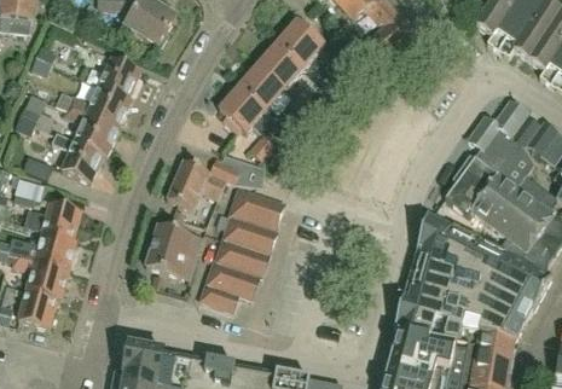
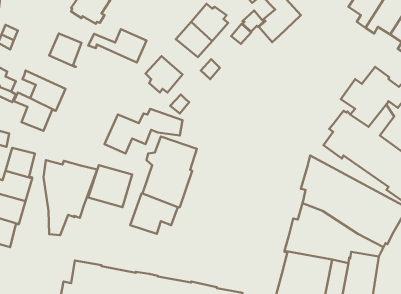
building: [239,64,285,109] -> none
building: [56,85,129,127] -> [88,29,146,63]
building: none -> [44,160,97,235]

